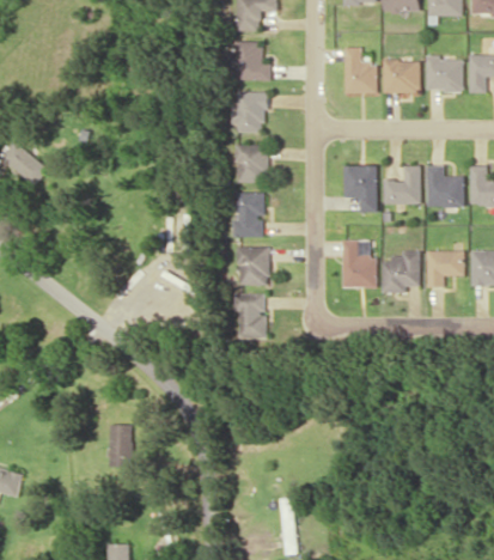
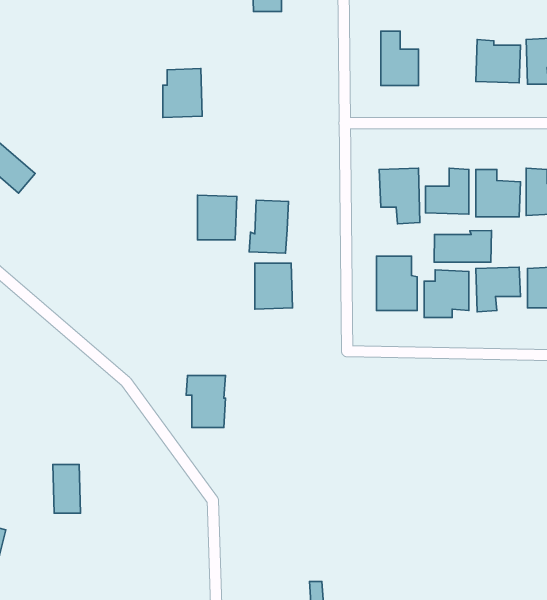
building: [232,42,272,81] -> none
building: [383,60,420,93] -> none
building: [233,92,267,134] -> [163,69,202,117]
building: [237,145,270,183] -> [198,195,237,240]
building: none -> [434,231,491,262]
building: [232,294,266,339] -> [186,376,225,427]
building: [108,425,132,467] -> [53,464,81,513]

